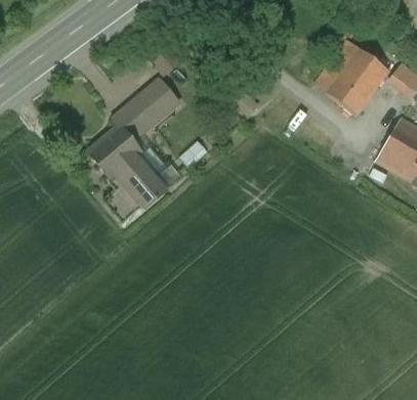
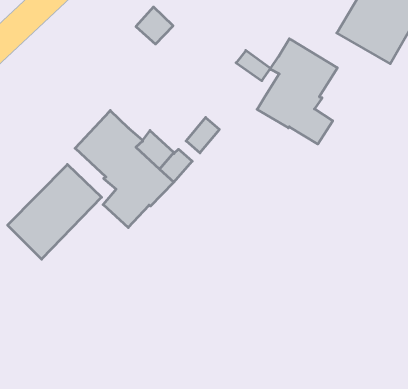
building: [114,78,179,140] -> none
building: none -> [257,39,337,144]
building: none -> [8,164,102,259]

